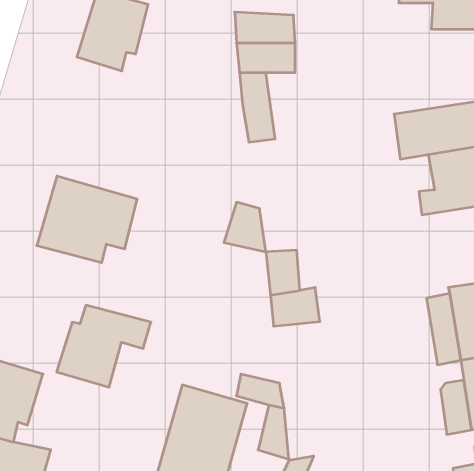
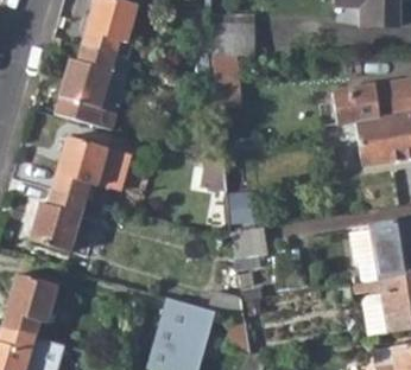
building: none -> [58,45,135,132]
building: [57,305,151,387] -> [31,190,103,253]

